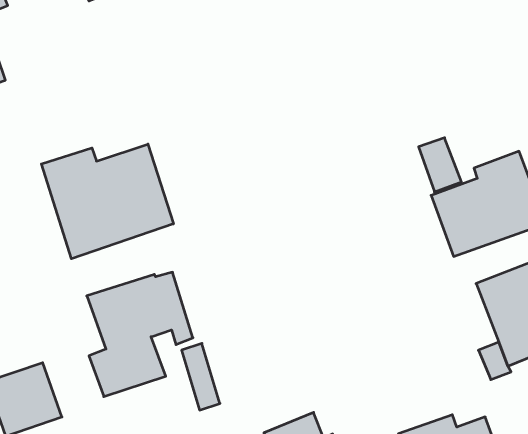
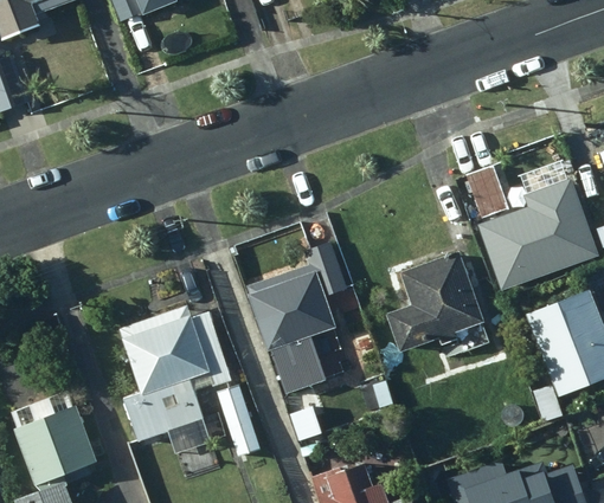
building: [41,144,173,259] -> none
building: none -> [385,247,483,349]
building: none -> [246,266,339,388]

